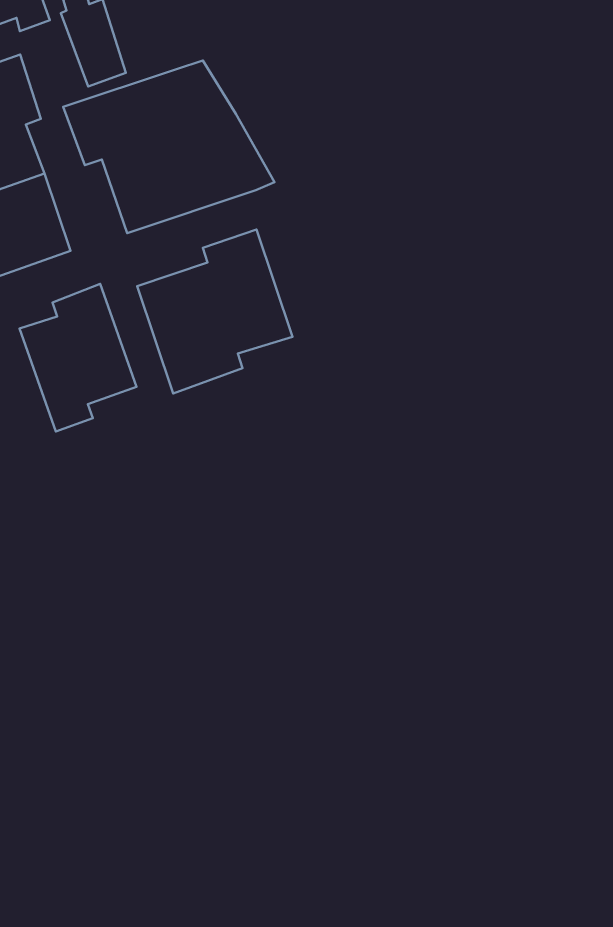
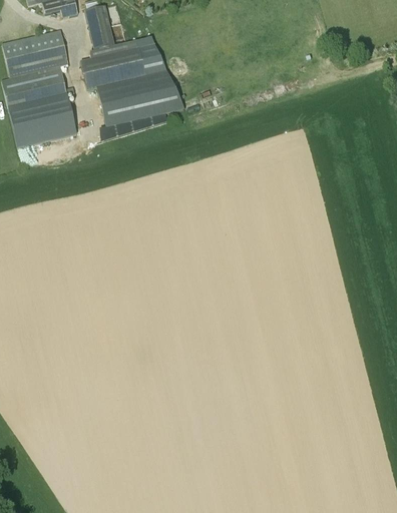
building: [137,229,292,394] -> none
building: [19,284,136,432] -> none

